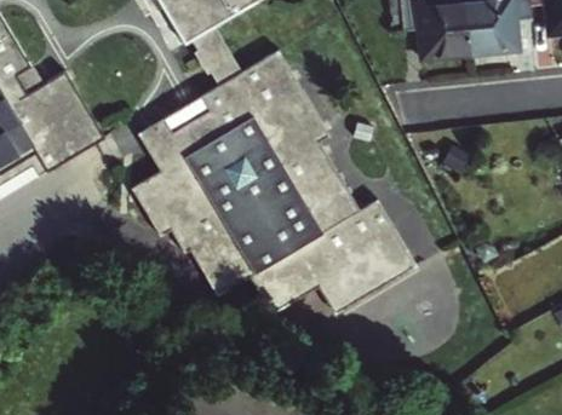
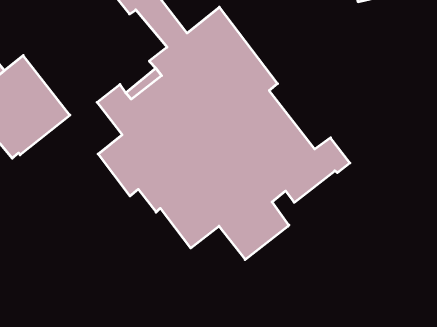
building: [308,226,417,311] -> none

